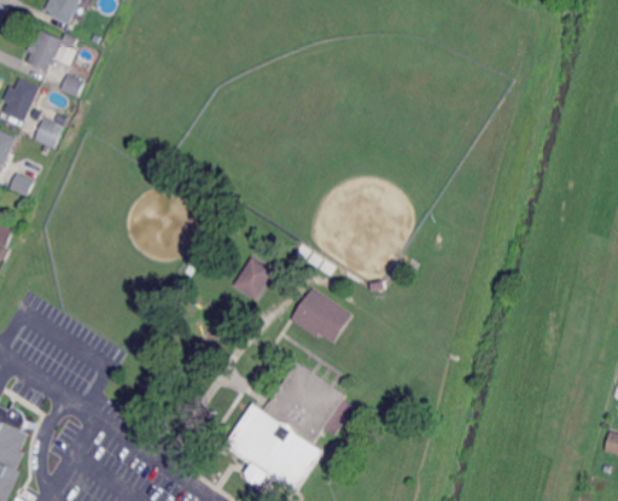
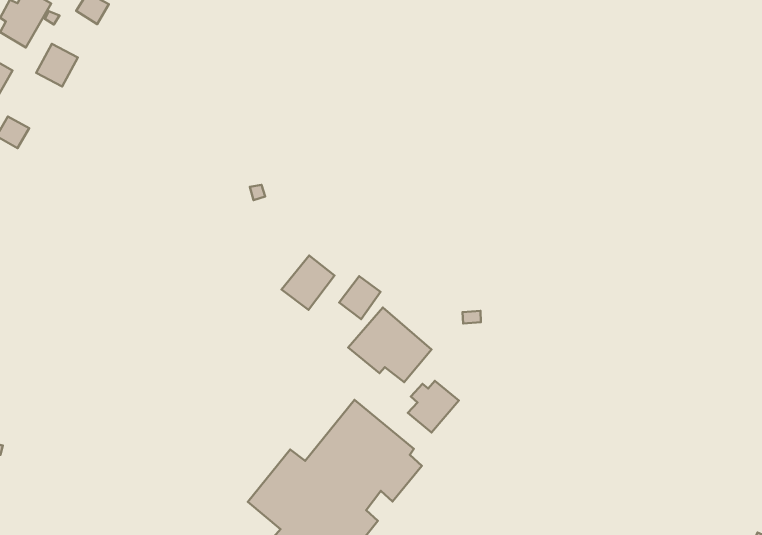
building: none -> [339,276,381,319]
building: none -> [408,381,459,433]

